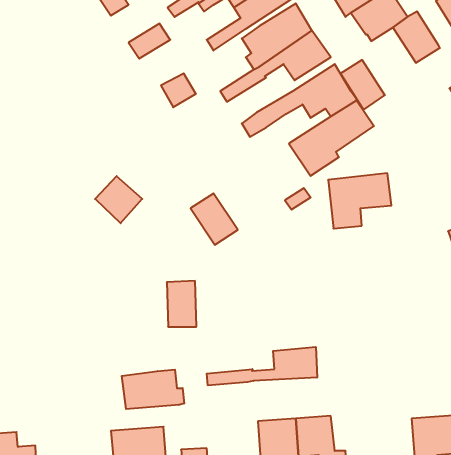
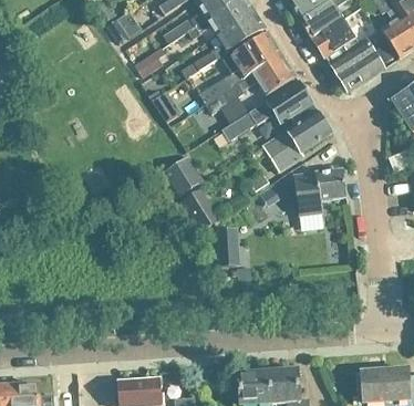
building: [340,60,385,110] -> [329,51,365,92]
building: [95,176,142,223] -> [159,152,198,190]
building: [167,281,196,327] -> [214,227,238,264]
building: [207,347,317,385] -> none
building: [122,370,184,409] -> none

